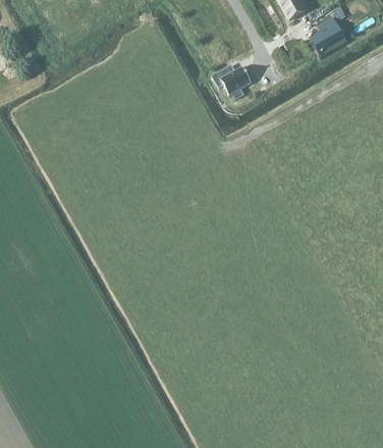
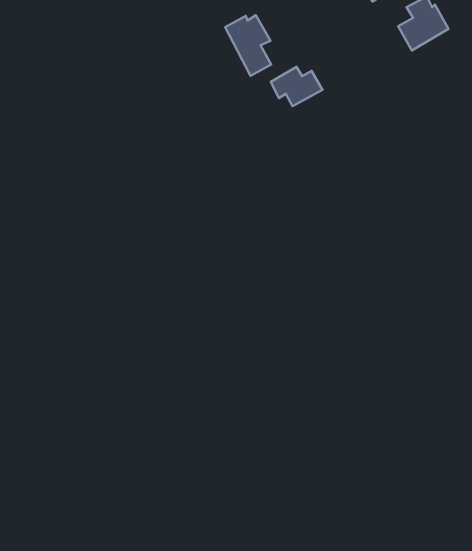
building: none -> [225,15,271,76]

